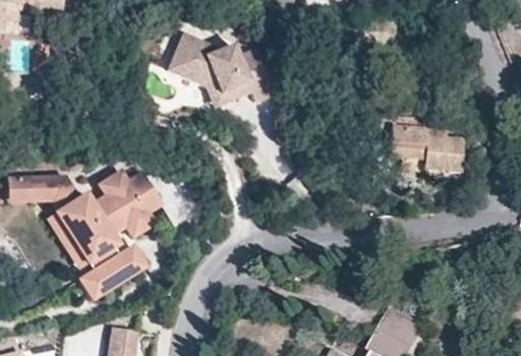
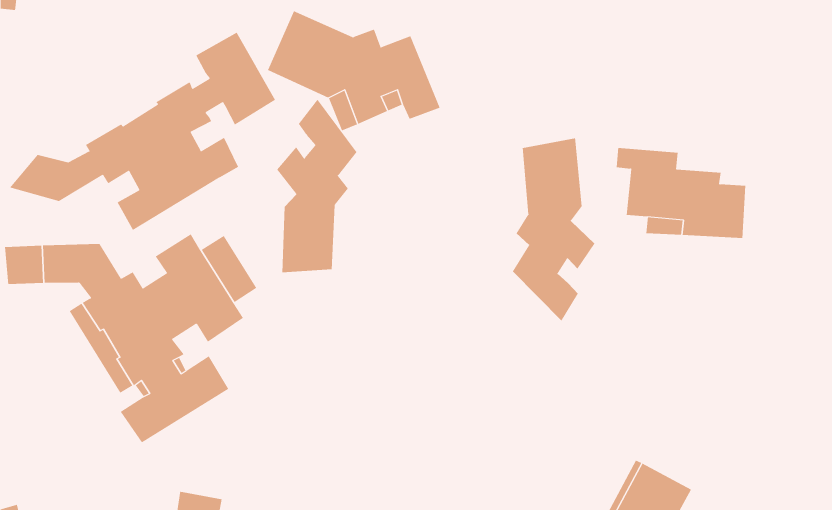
building: none -> [9,32,276,231]
building: none -> [277,99,357,273]
building: none -> [512,138,595,322]

